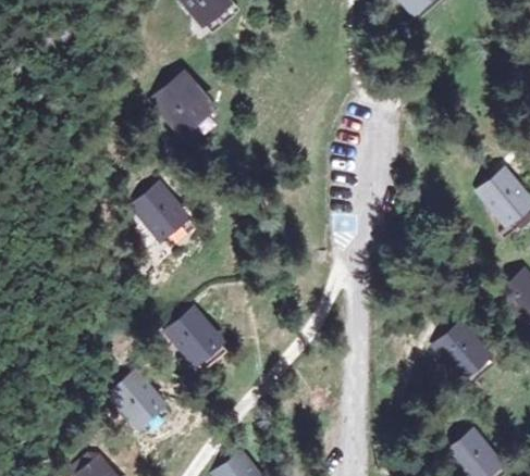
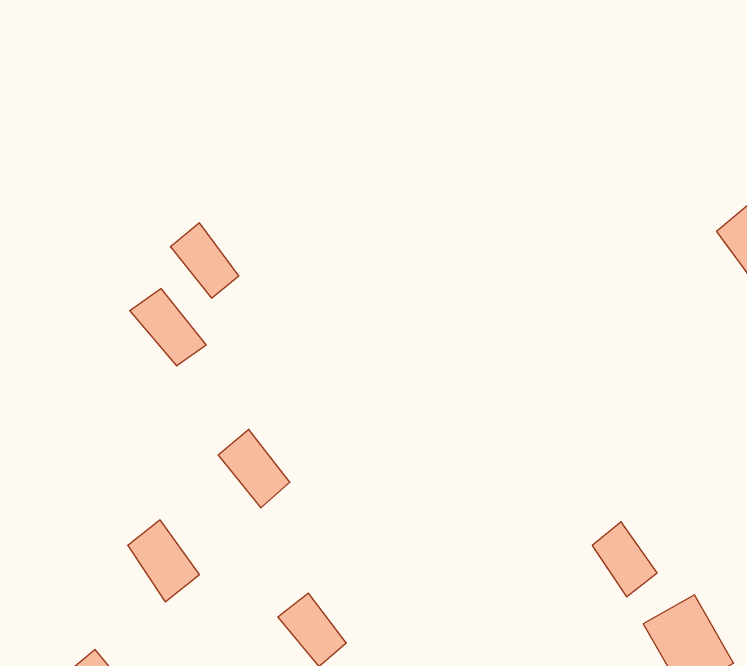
building: [162,78,213,130] -> none
building: none -> [130,289,206,366]
building: [434,320,476,367] -> [592,522,657,597]

